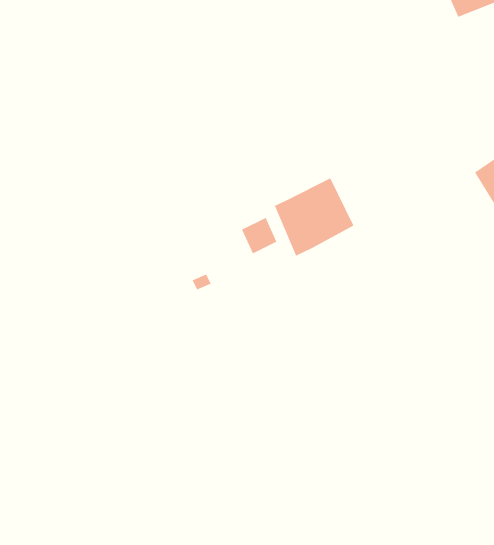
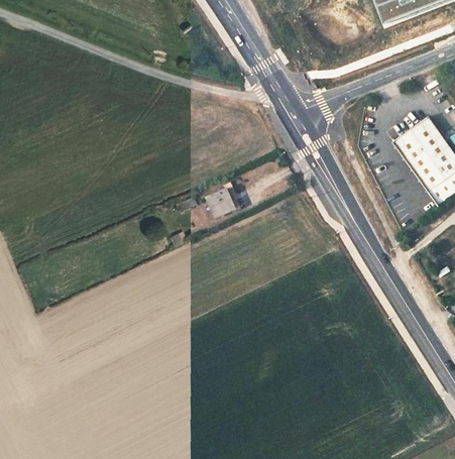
building: [274,177,354,256] -> none

